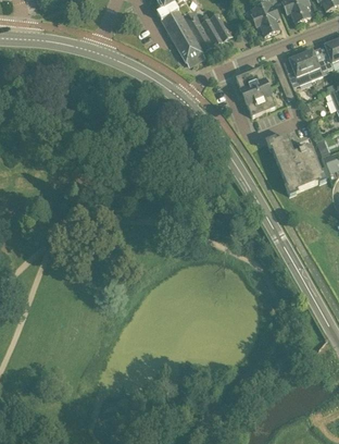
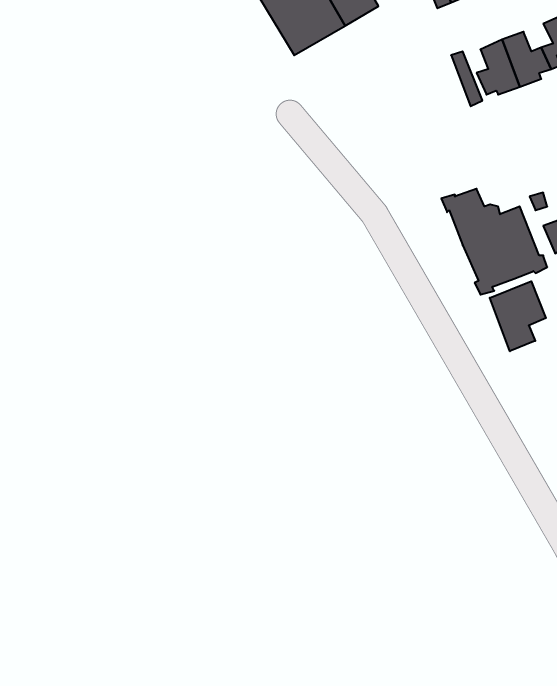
building: [235,66,275,115] -> none
building: none -> [490,281,546,351]

